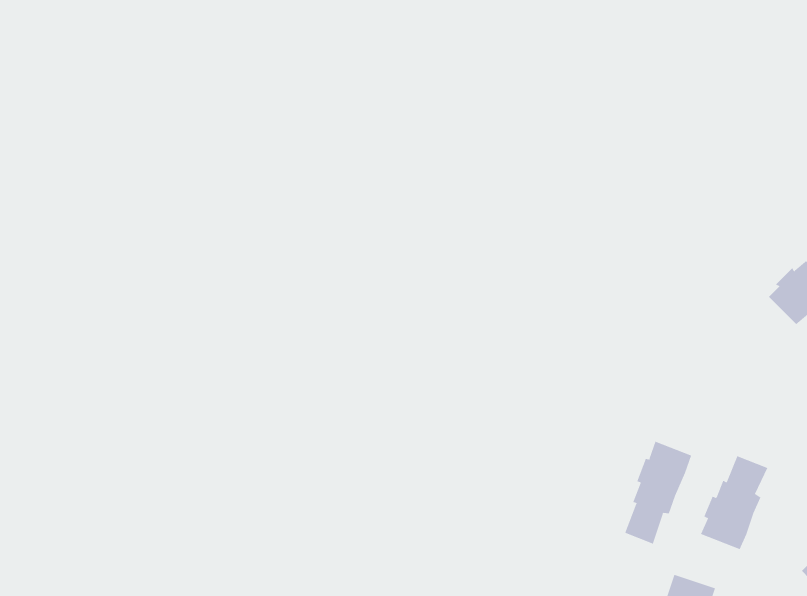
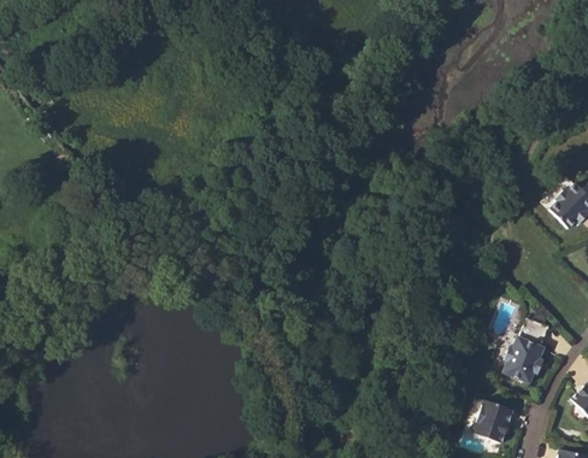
building: [625,441,692,544] -> none

